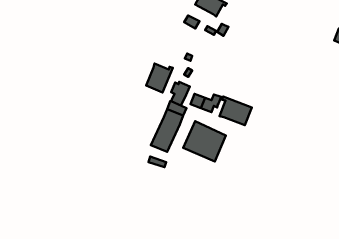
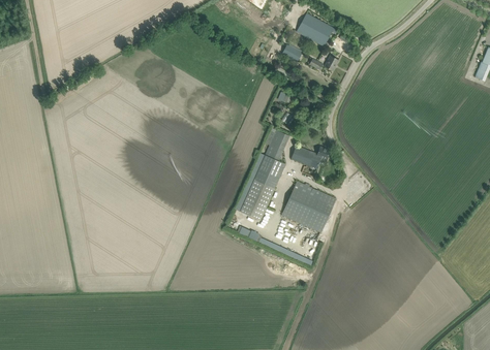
building: [146,64,173,92] -> none
building: [219,96,252,125] -> none

